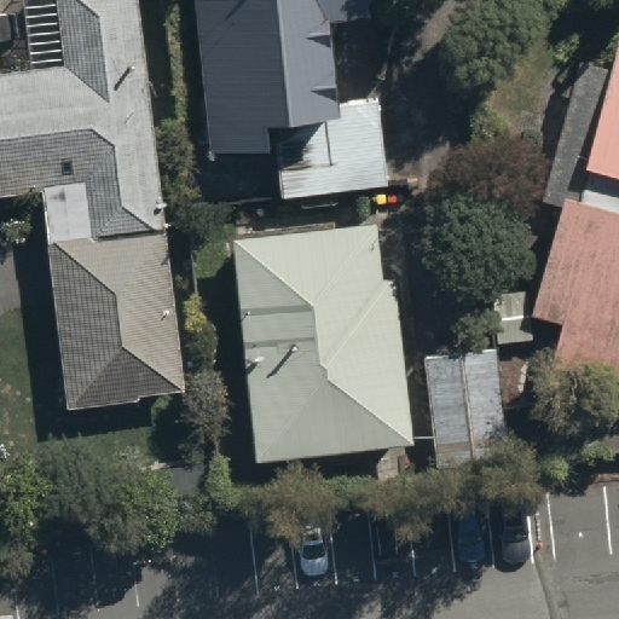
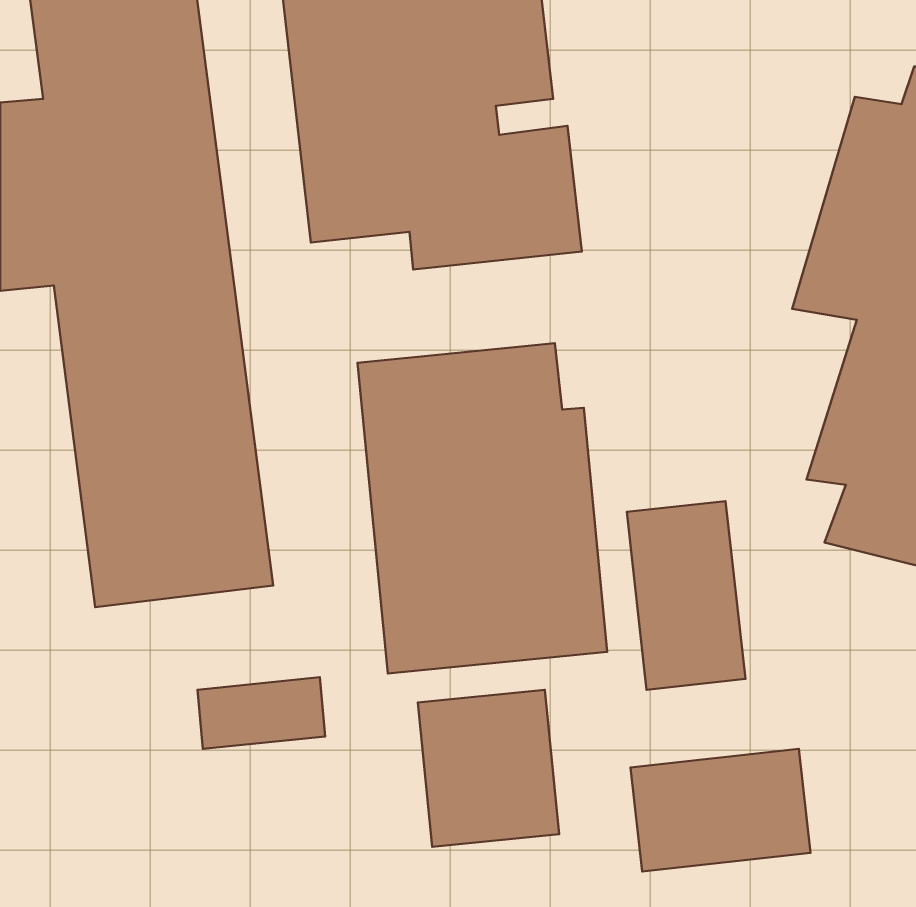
building: none -> [418,690,559,847]
building: none -> [631,749,811,872]

